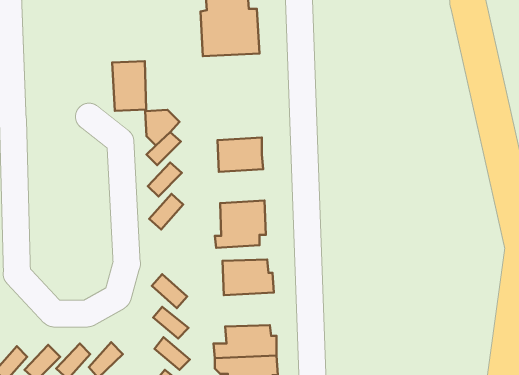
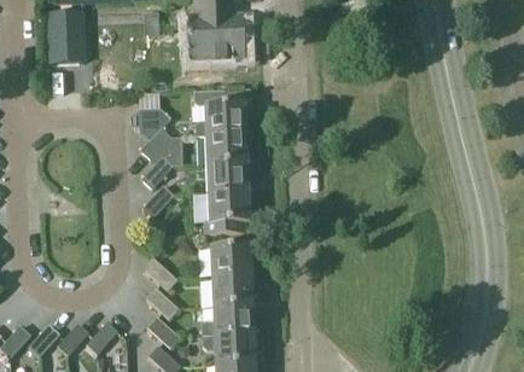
building: [112,61,146,111] -> [45,14,76,60]
building: none -> [193,91,246,135]
building: none -> [206,162,249,193]
building: none -> [211,275,258,307]

